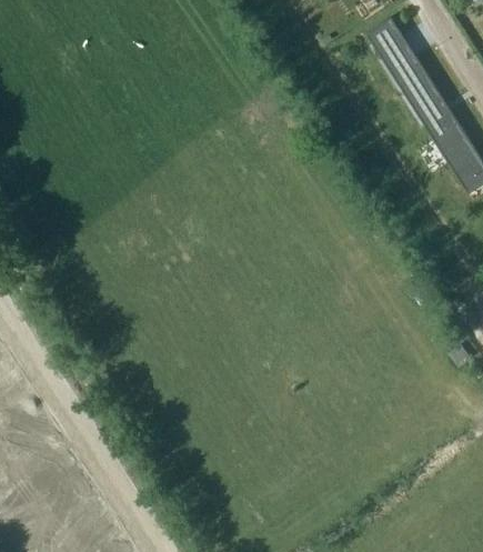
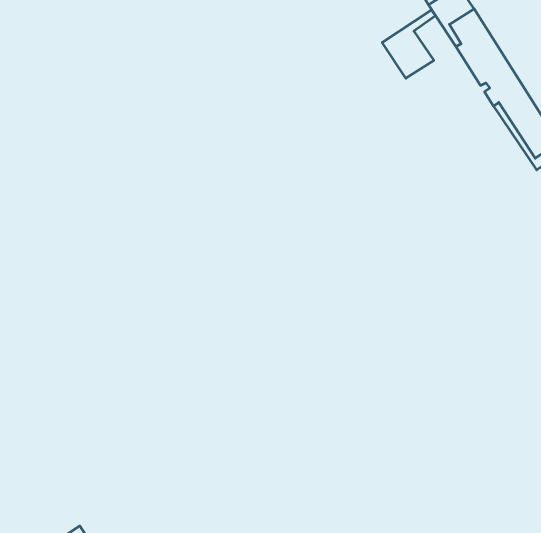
building: none -> [382,10,436,78]

